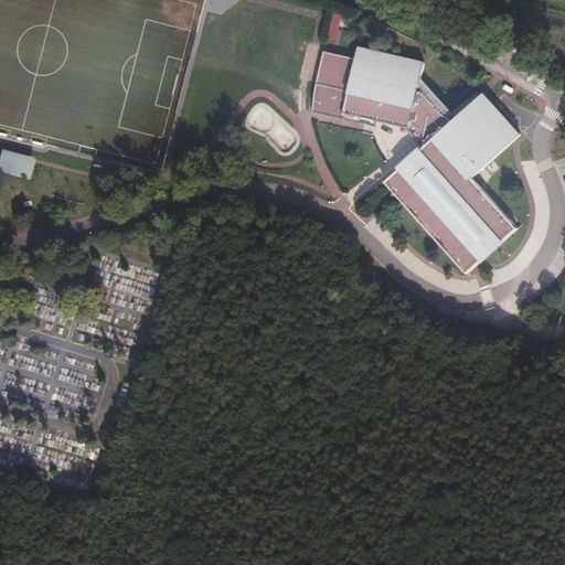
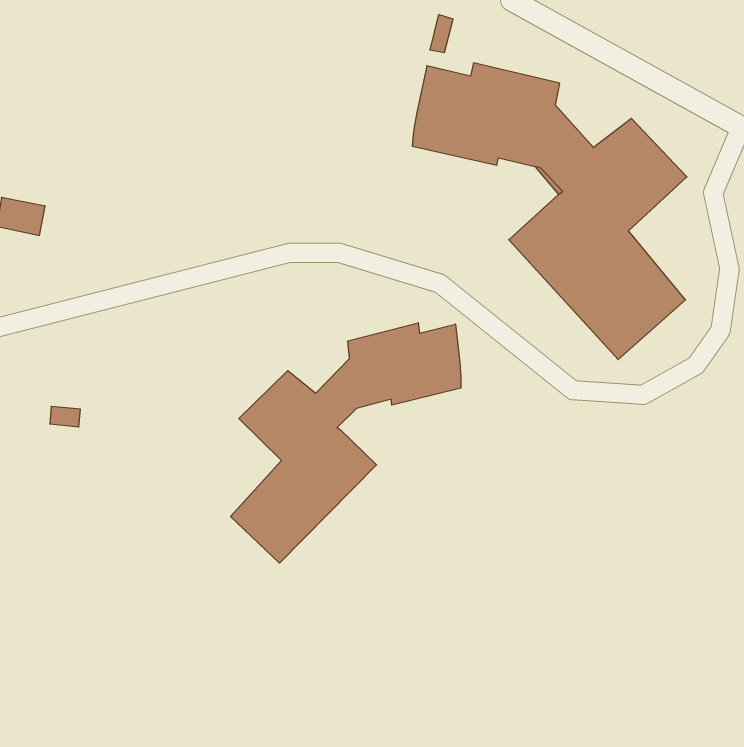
building: none -> [231,323,461,563]

